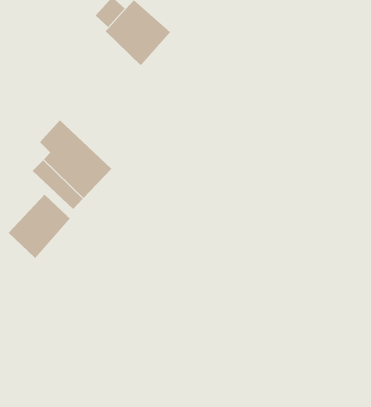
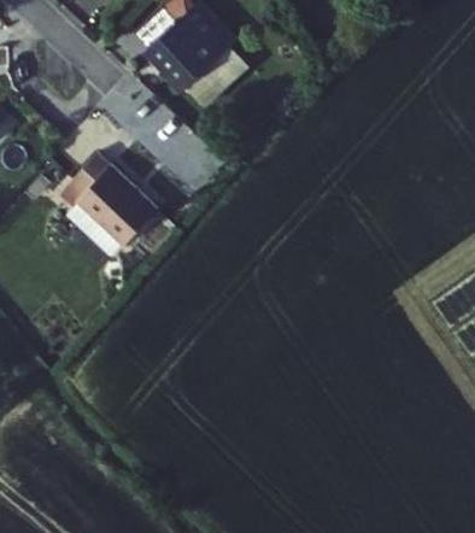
building: [8,194,71,259] -> none

